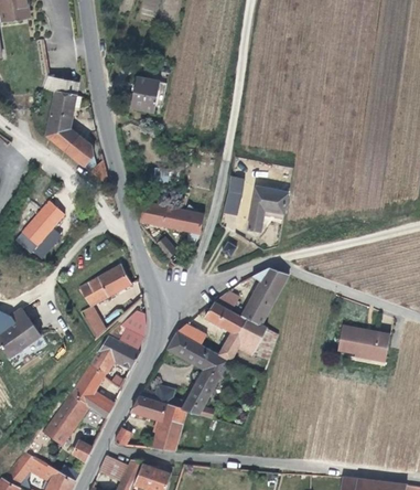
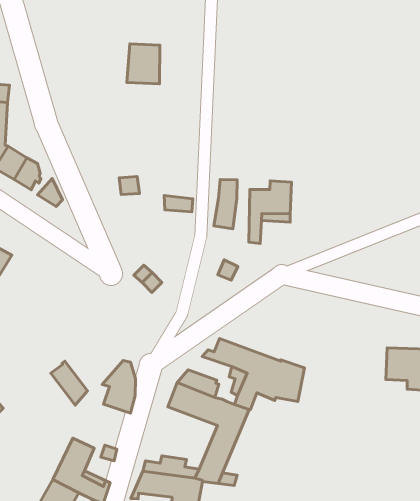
building: [126,77,155,111] -> [127,44,160,84]
building: [140,202,204,246] -> none
building: [79,264,131,306] -> none
building: [241,269,288,327] -> none
building: [90,335,140,374] -> none

